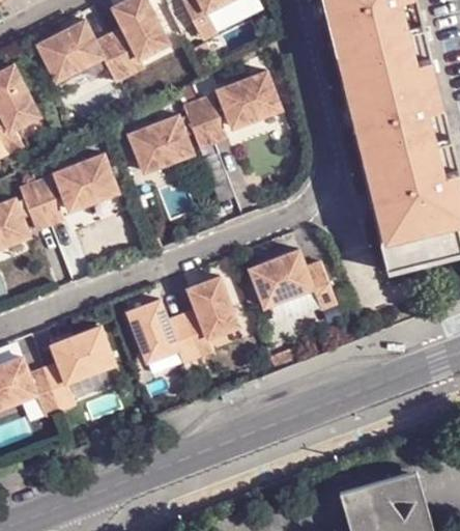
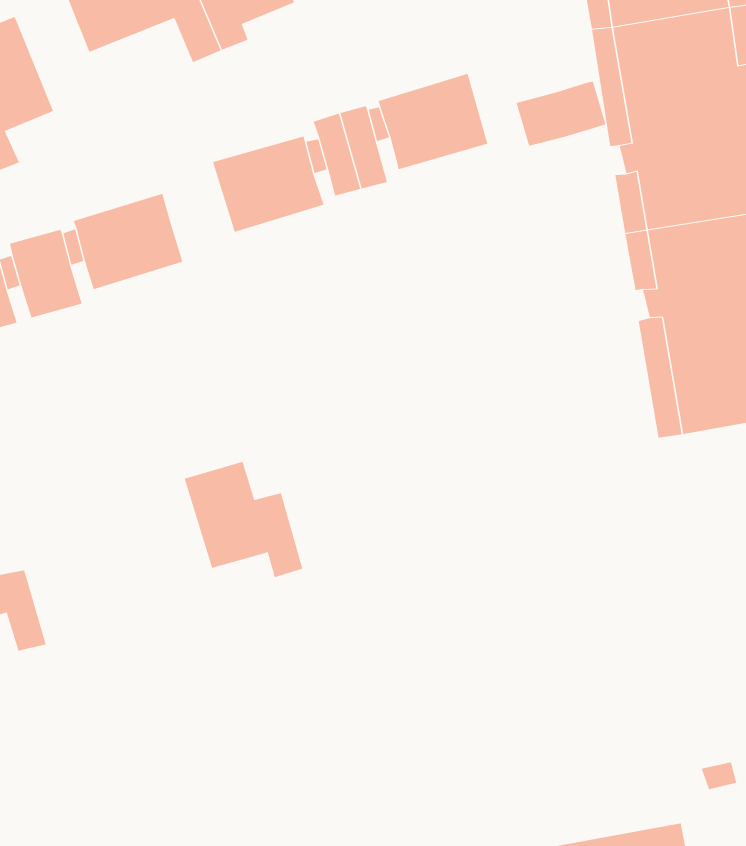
building: none -> [516,81,606,147]
building: [249,250,336,310] -> none
building: [181,277,237,357] -> none
building: [42,328,114,411] -> none

